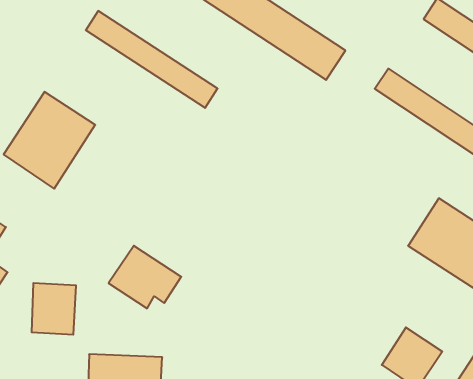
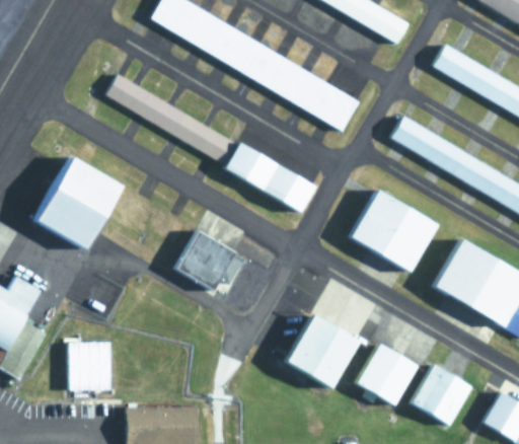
building: none -> [224,142,318,215]
building: none -> [349,191,435,272]
building: [109,246,181,308] -> [176,231,246,291]
building: none -> [283,314,355,386]
building: none -> [354,343,416,404]

